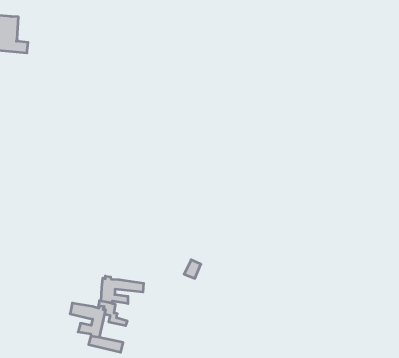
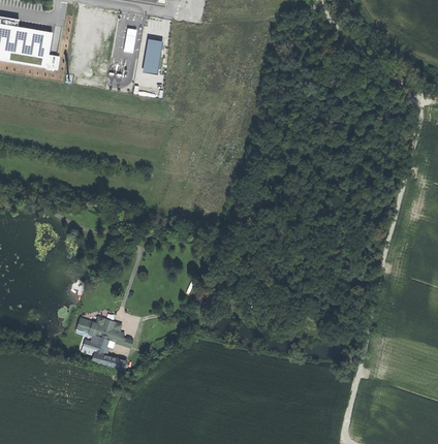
building: none -> [142,41,162,70]
building: [101,276,144,304] -> none

